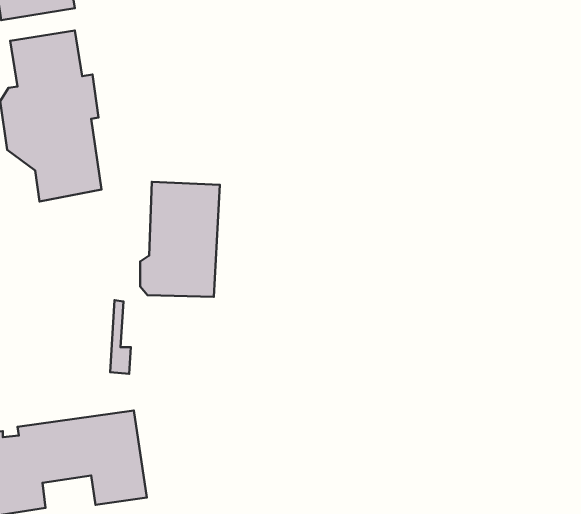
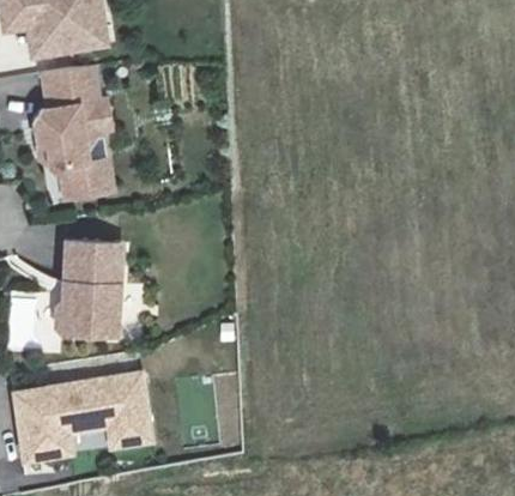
building: [140,182,220,297] -> [55,242,120,335]

